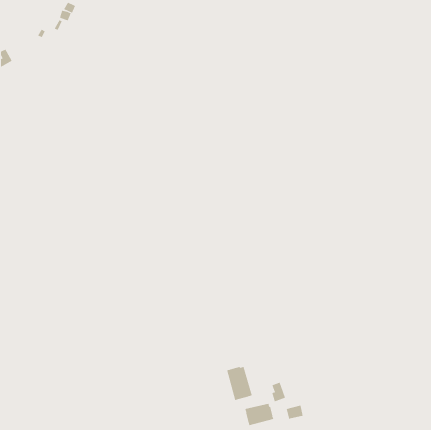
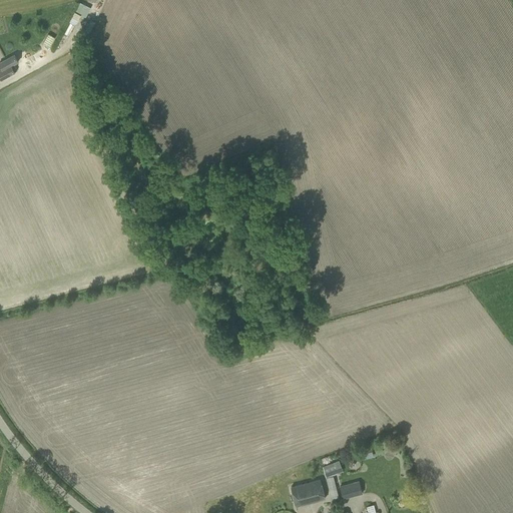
building: [227,366,252,401] -> none

